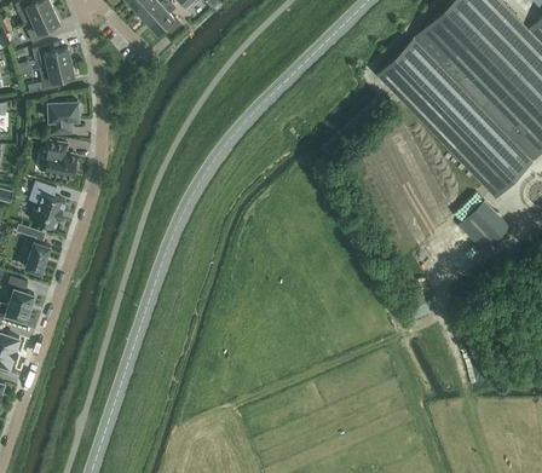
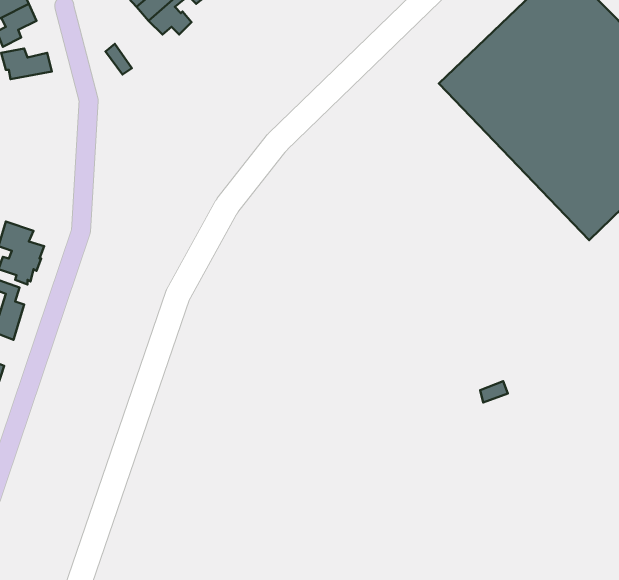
building: [40,63,75,91] -> none
building: [50,102,82,134] -> none
building: [41,140,80,179] -> none
building: [457,200,509,252] -> none

